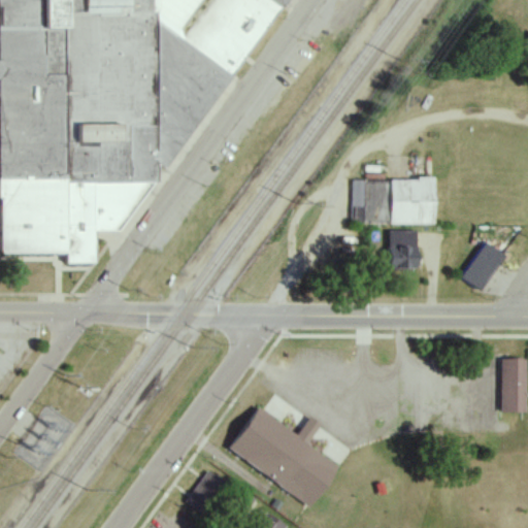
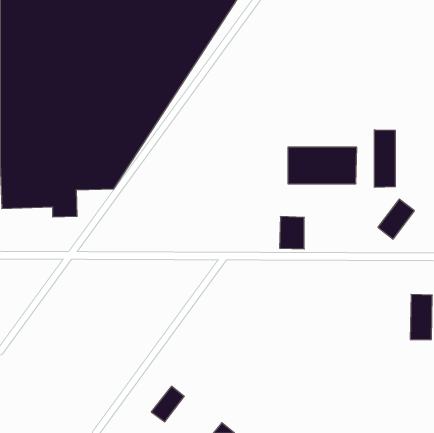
building: none -> [375,130,395,187]
building: [386,229,416,268] -> [280,217,304,249]
building: [228,407,338,505] -> none

